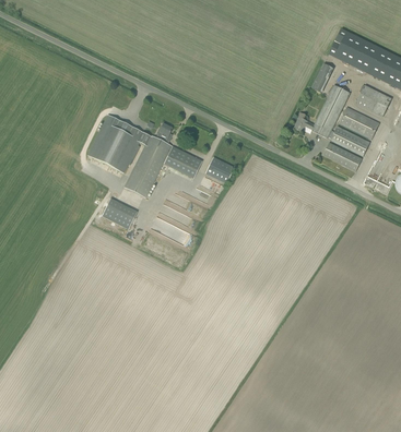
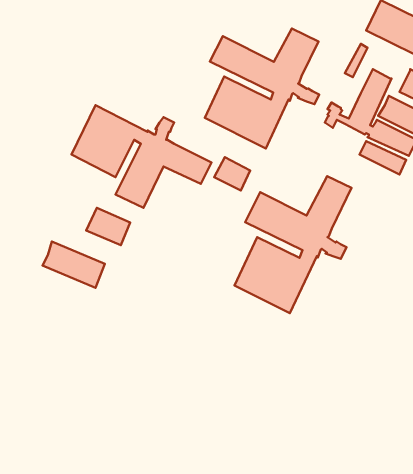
building: none -> [205,28,319,148]
building: none -> [234,176,351,313]
building: none -> [43,241,105,288]

